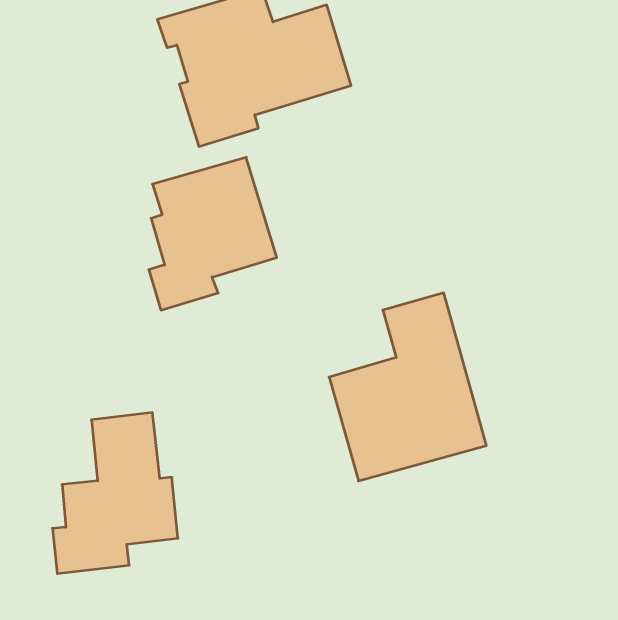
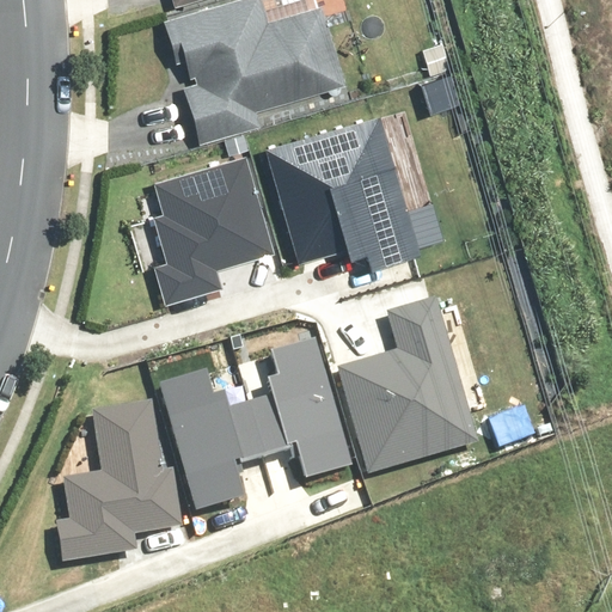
building: none -> [275,116,415,261]
building: none -> [157,336,356,515]

